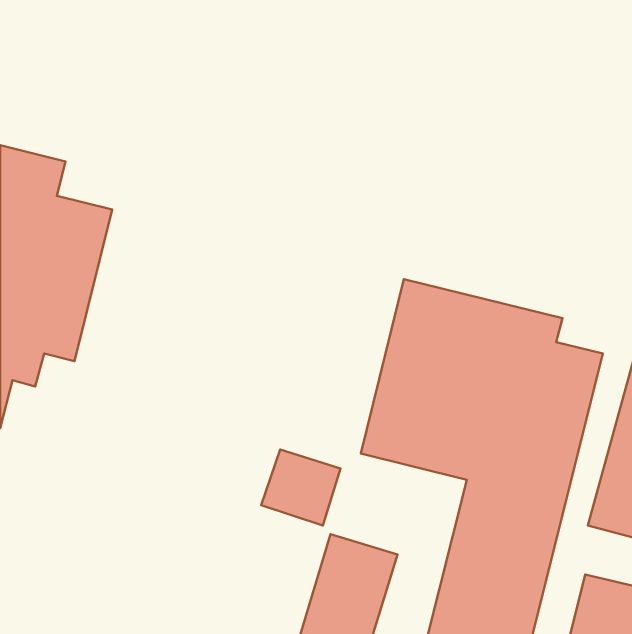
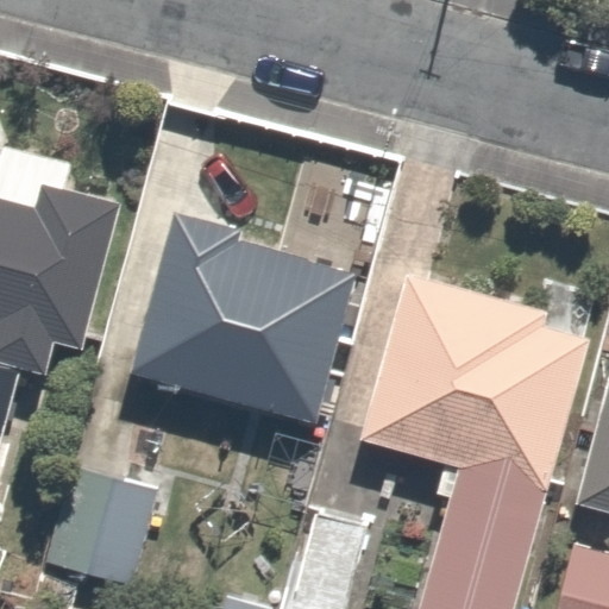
building: none -> [138,216,346,419]
building: none -> [49,460,164,596]

